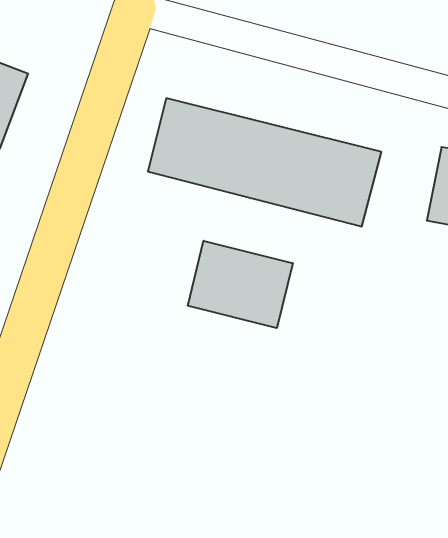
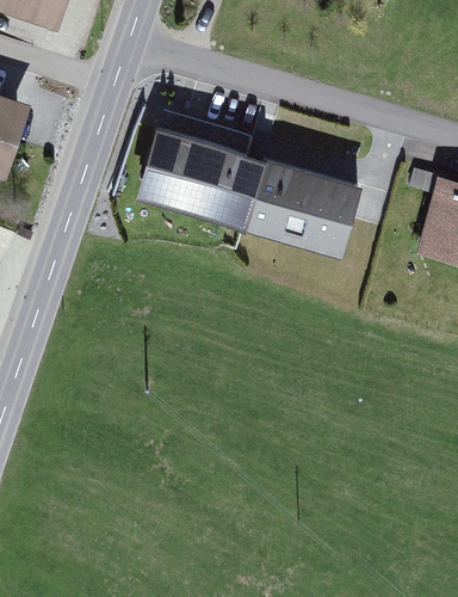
building: [188,241,293,328] -> none

